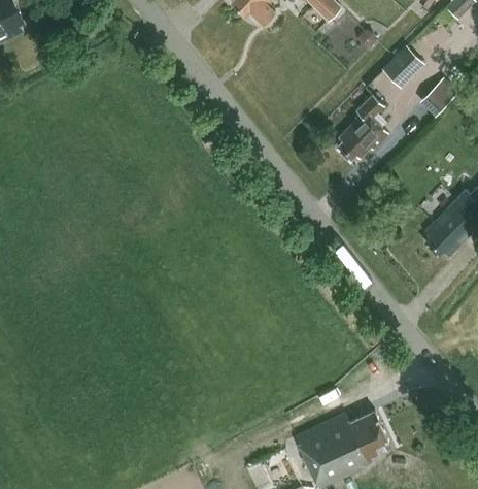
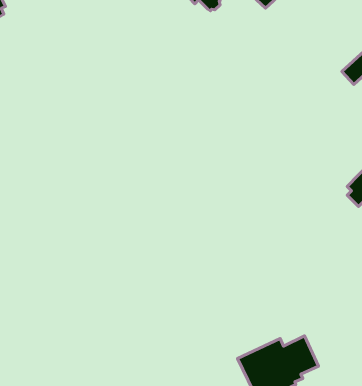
building: [382,45,424,88] -> none
building: [336,94,387,159] -> none

